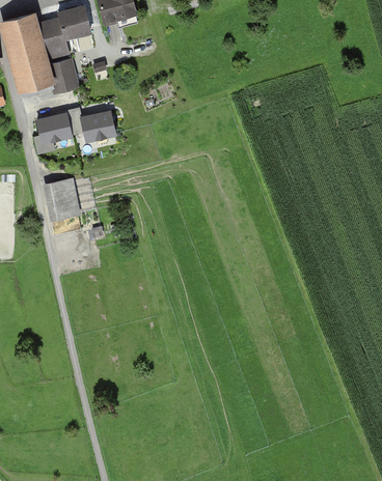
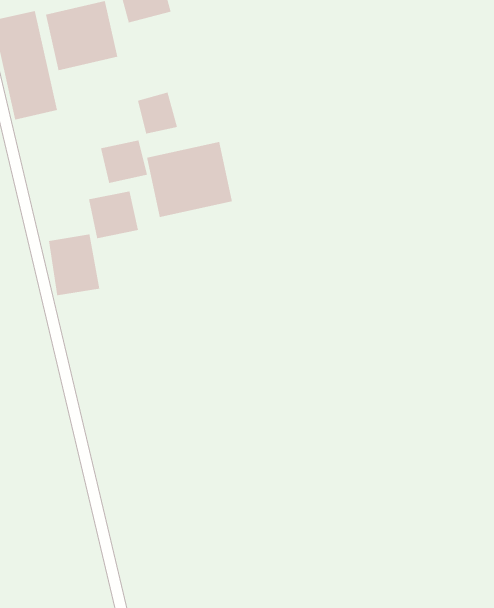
building: [49,59,79,90] -> [137,92,178,134]
building: none -> [147,141,233,218]
building: [35,111,73,146] -> [88,191,139,239]

